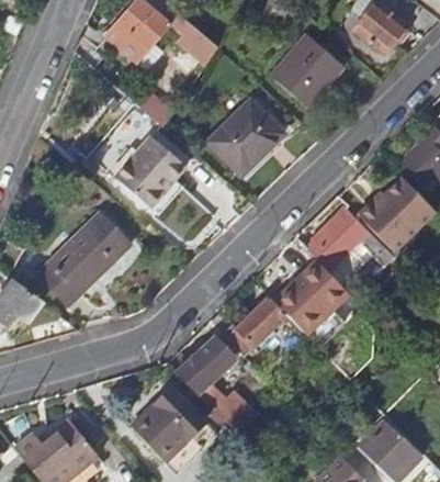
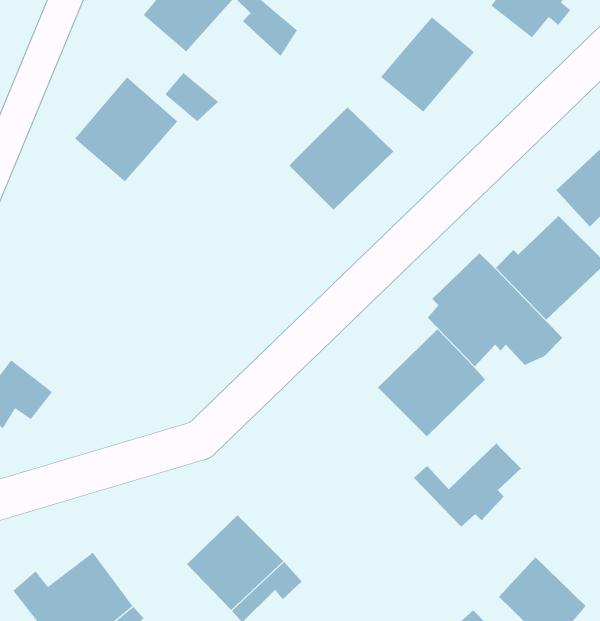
building: [109,127,182,202] -> [74,76,178,182]
building: [37,213,129,305] -> none
building: [210,295,286,356] -> [413,442,522,527]
building: [177,336,238,423] -> none

